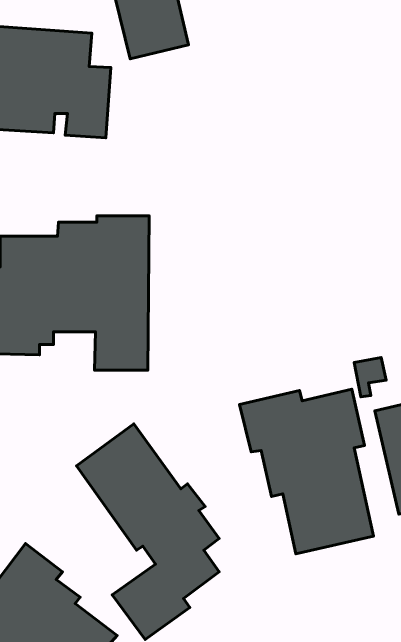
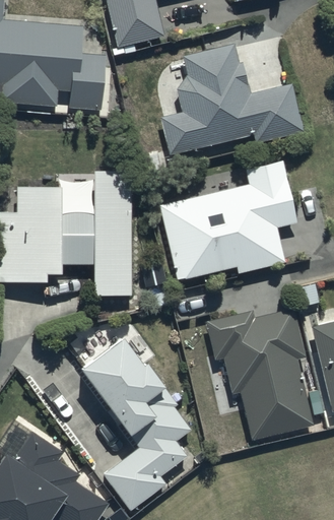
building: none -> [160,42,304,154]
building: none -> [159,160,298,281]

